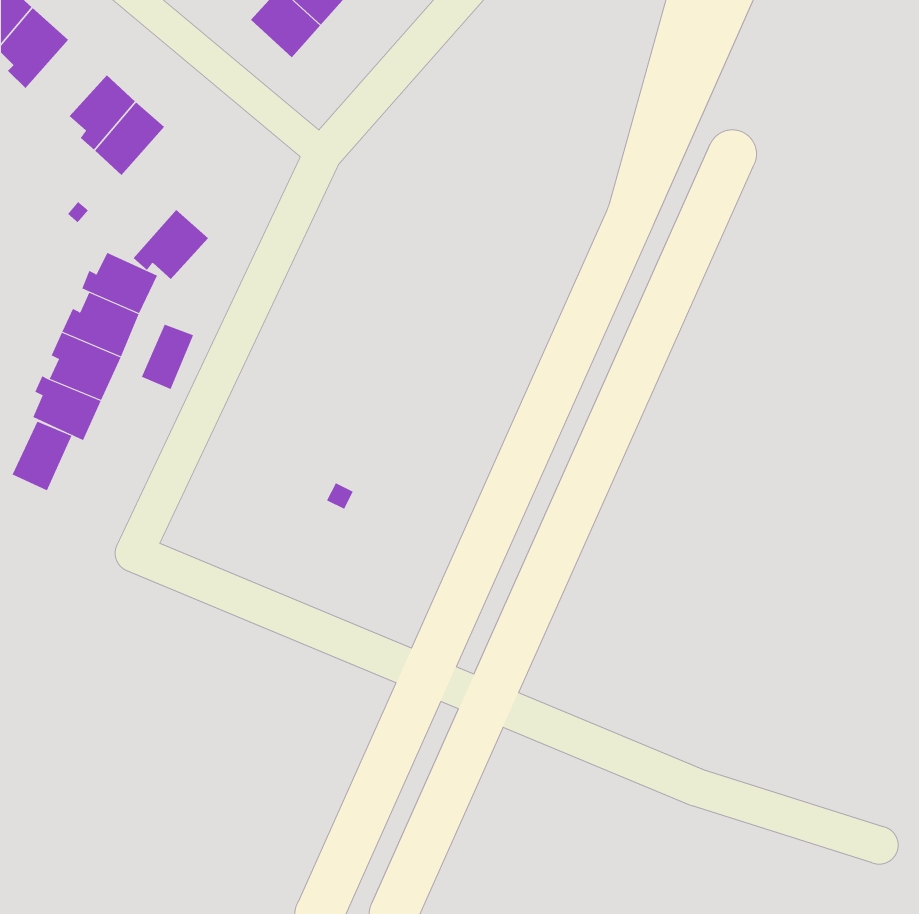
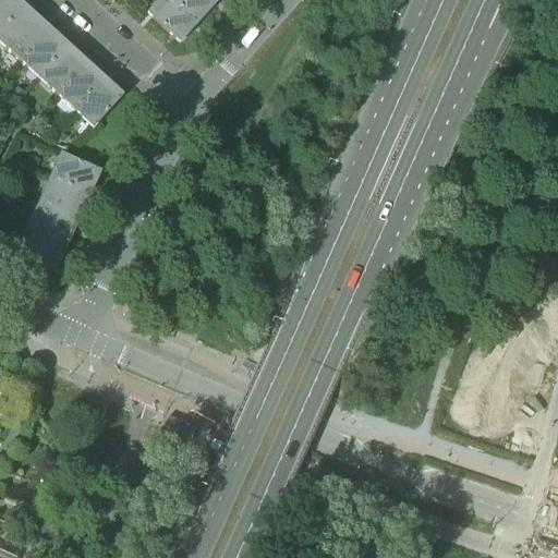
building: none -> [20,24,69,70]
building: [133,209,209,280] -> [77,76,123,119]
building: [141,324,194,390] -> none
building: [12,421,72,491] -> none

